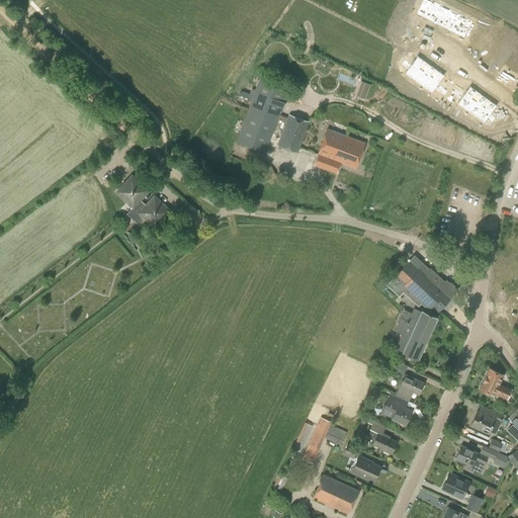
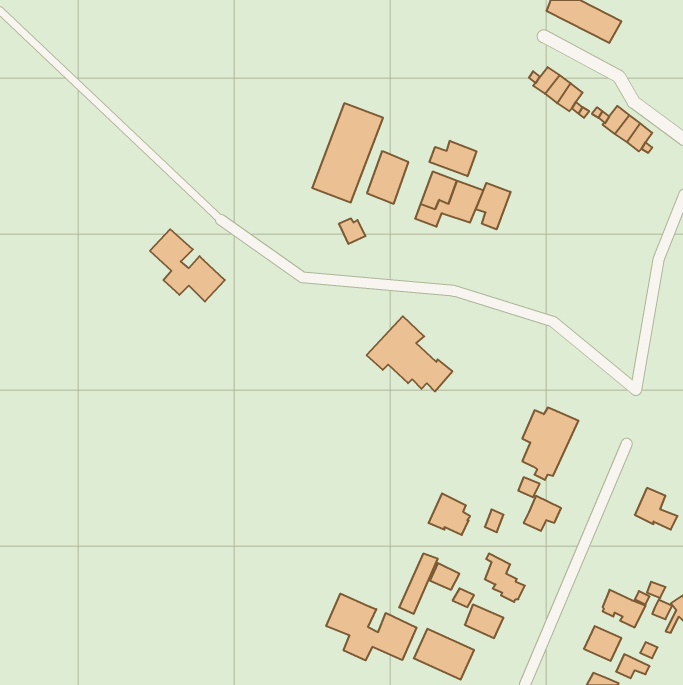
building: none -> [429,141,476,176]
building: none -> [476,183,511,229]
building: [387,255,452,312] -> [367,316,452,391]
building: [380,393,412,424] -> [428,493,470,535]
building: [470,409,505,433] -> none
building: none -> [326,594,416,660]

